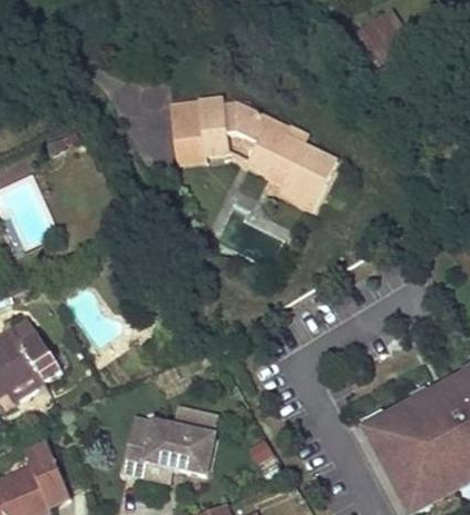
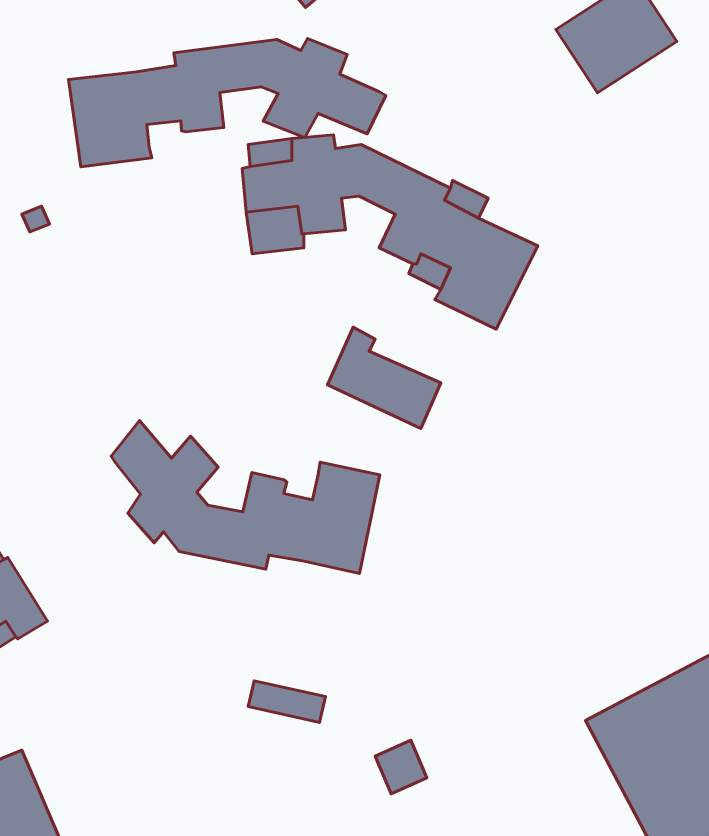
building: none -> [68,39,386,167]
building: none -> [111,421,380,574]
building: [124,417,215,474] -> none

